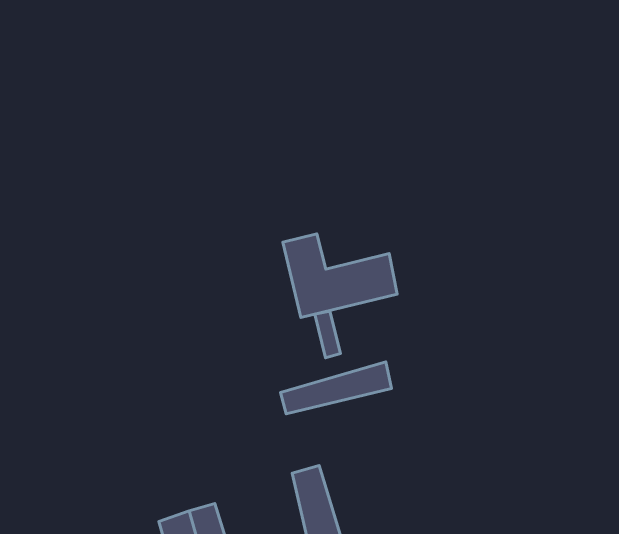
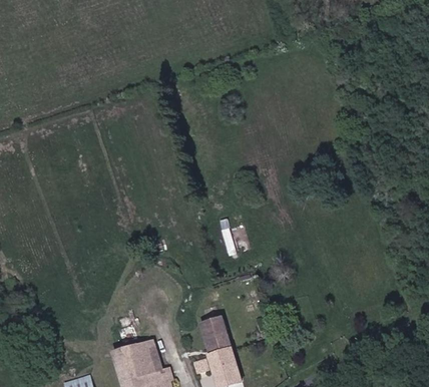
building: [283,234,397,317] -> none
building: [280,362,392,414] -> none

